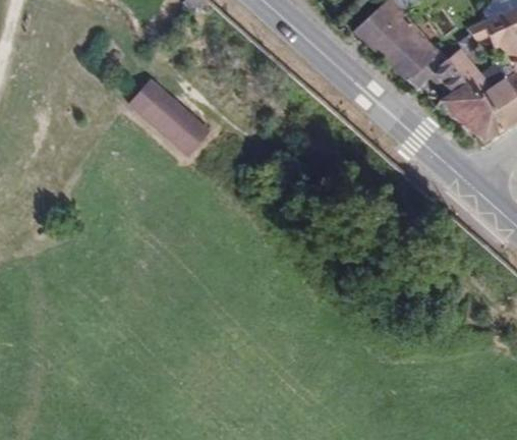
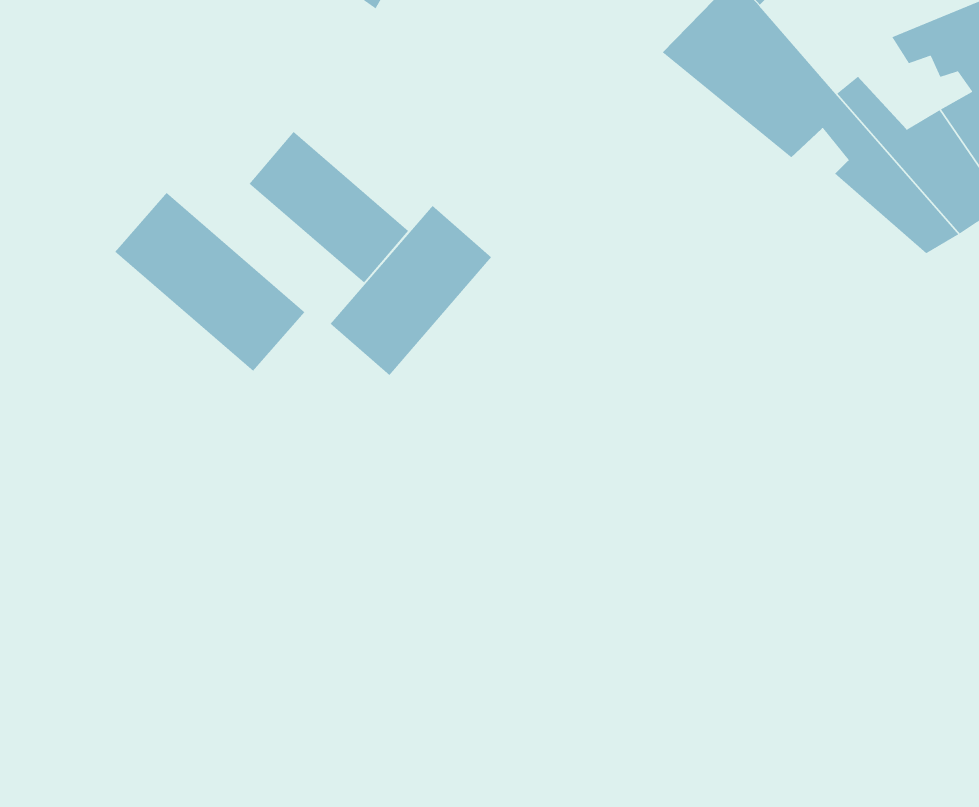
building: none -> [114,192,306,372]
building: none -> [330,205,492,376]

